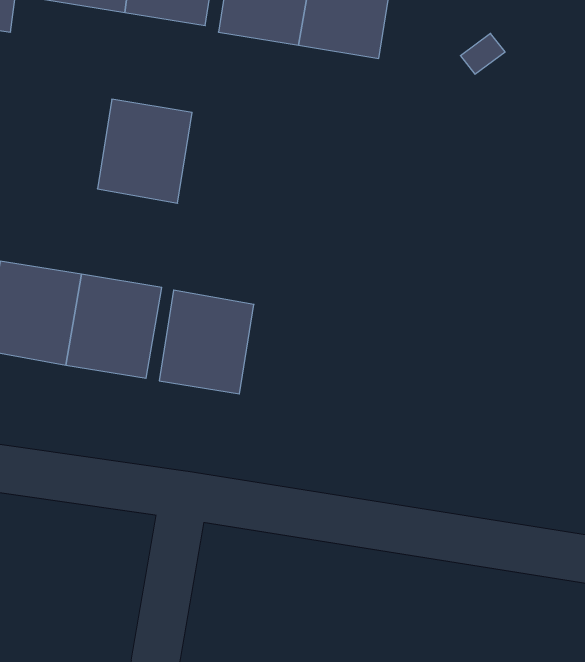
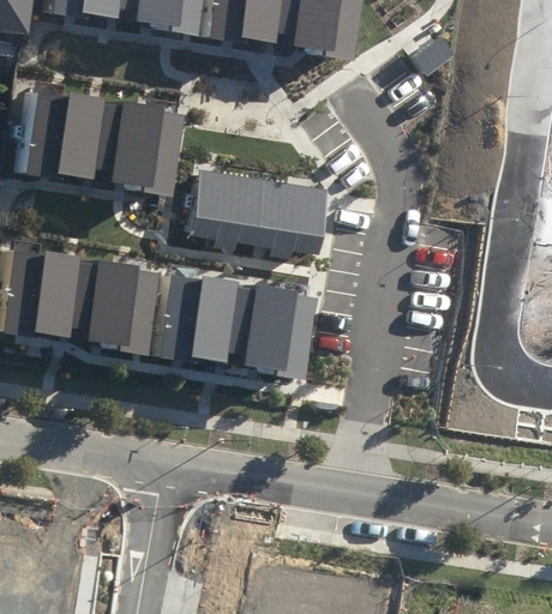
building: none -> [23,85,109,180]
building: none -> [194,169,334,254]
building: none -> [226,285,312,380]

